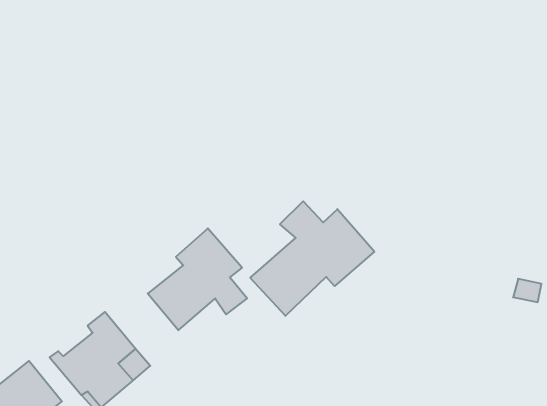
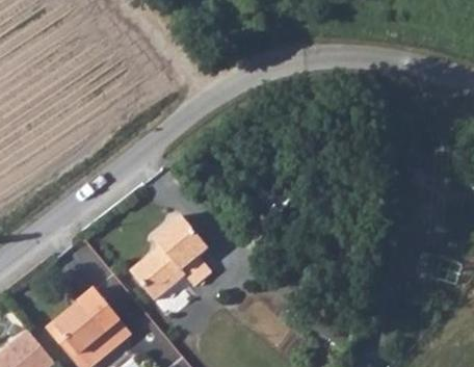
building: [250,201,374,316] -> none

